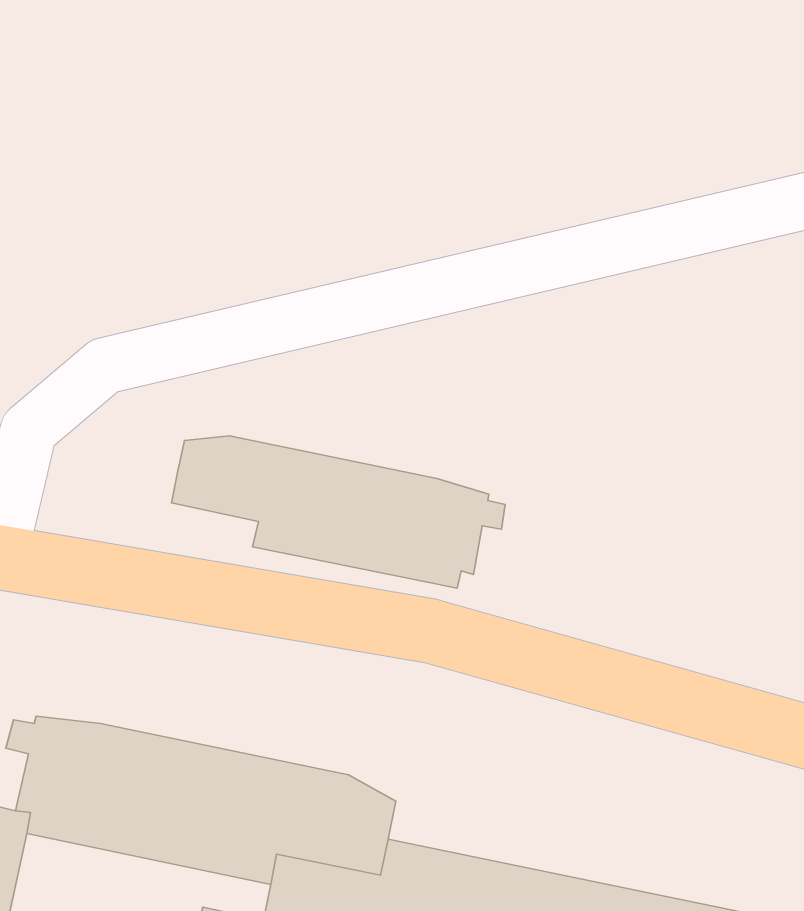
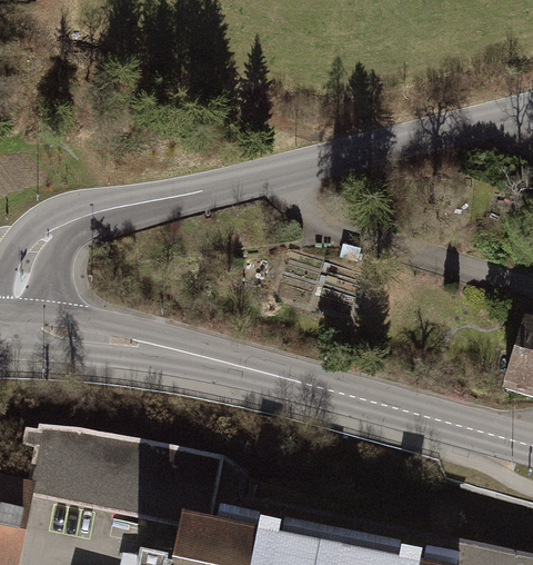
building: [171,436,505,588] -> none

